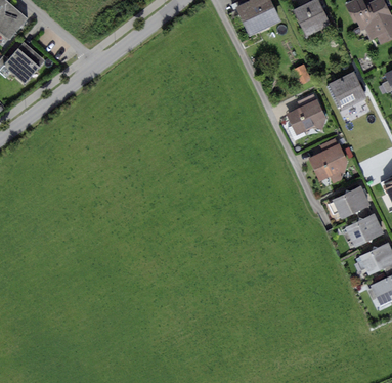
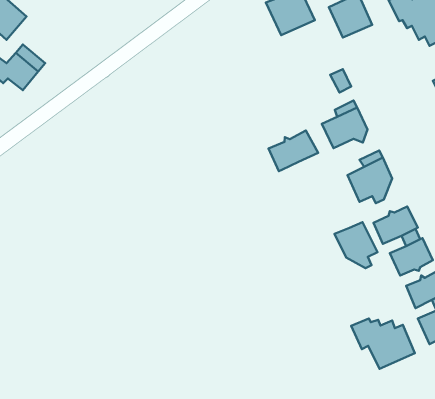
building: [329,72,365,110] -> none
building: none -> [268,130,318,171]
building: none -> [334,222,378,268]
building: none -> [351,318,415,369]

